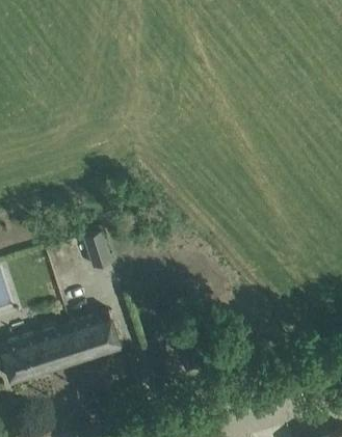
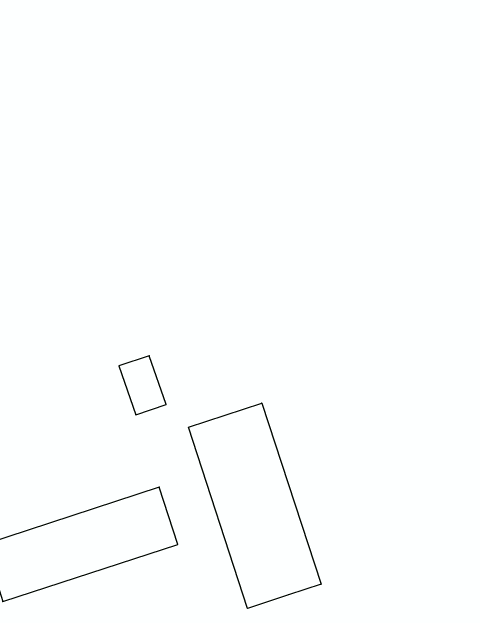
building: none -> [188,403,321,608]

